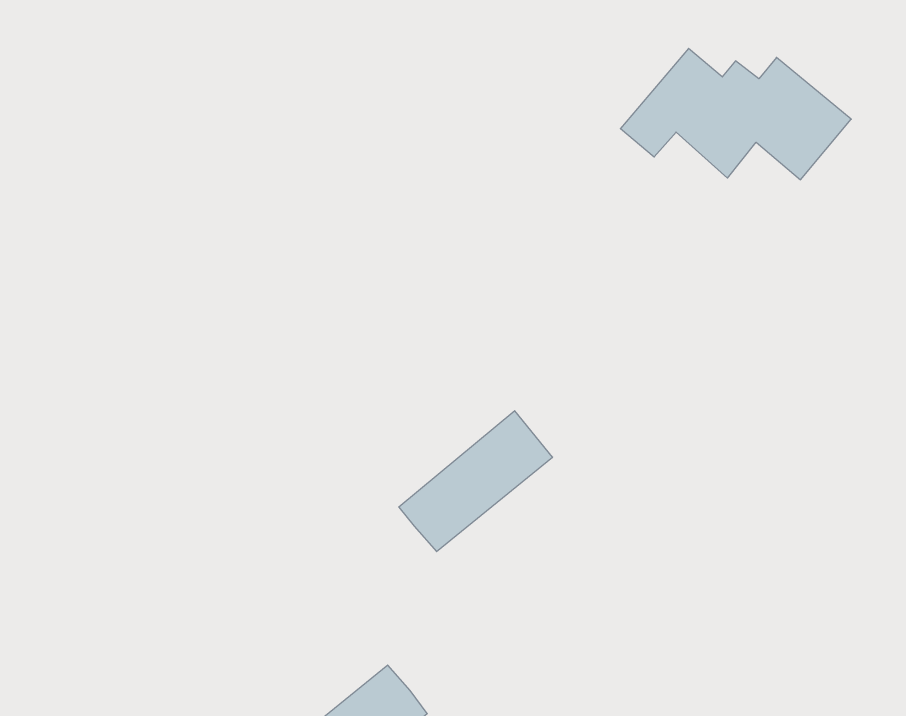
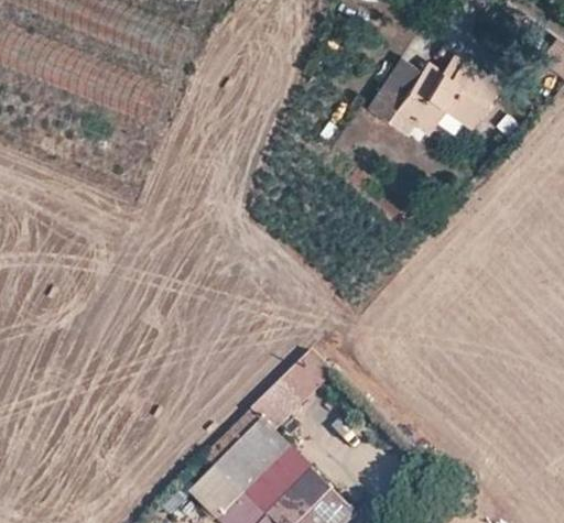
building: [399,411,553,552] -> [250,352,335,437]

